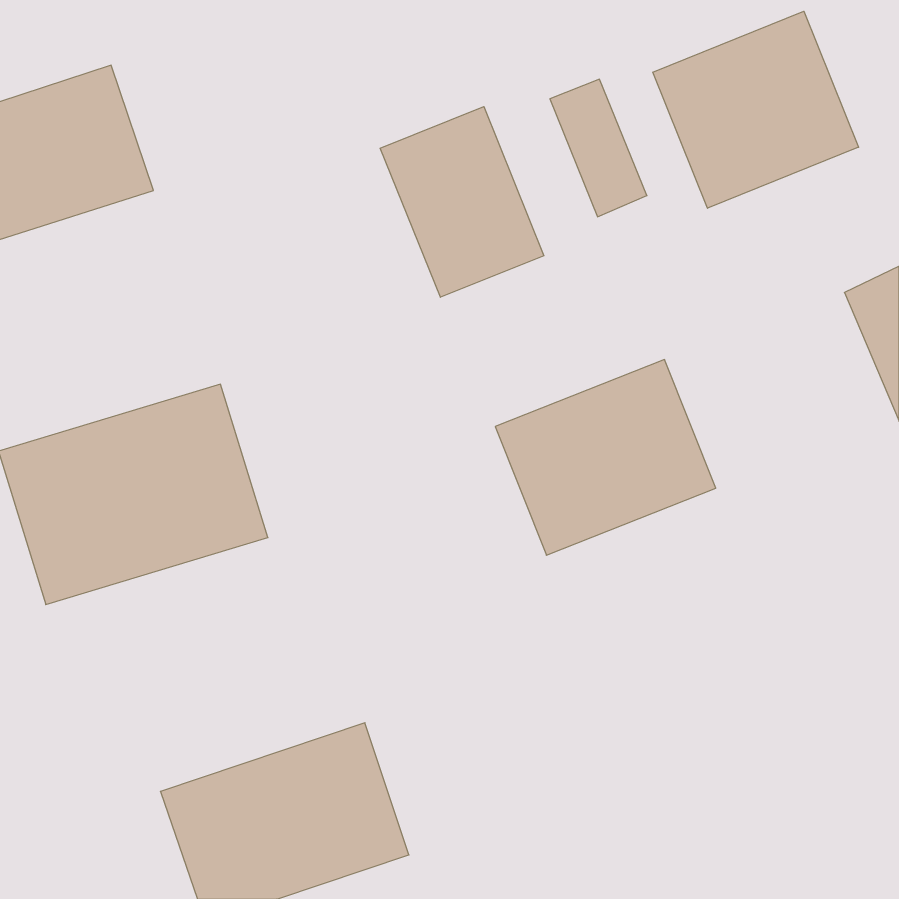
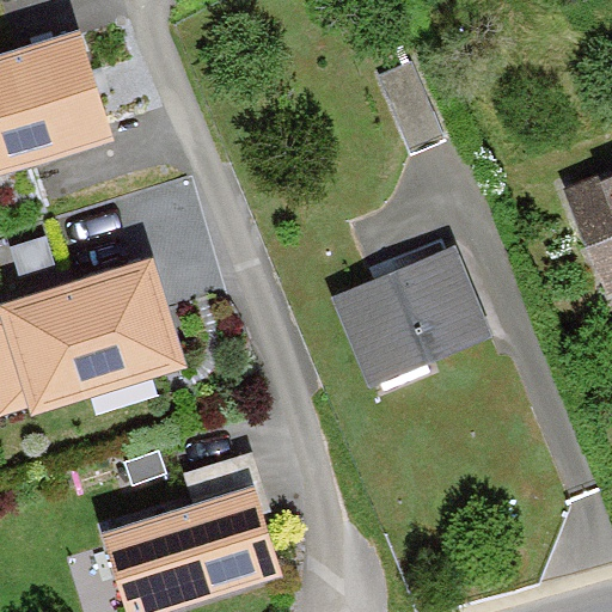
building: [653,11,859,208] -> none
building: [380,107,544,297] -> none

